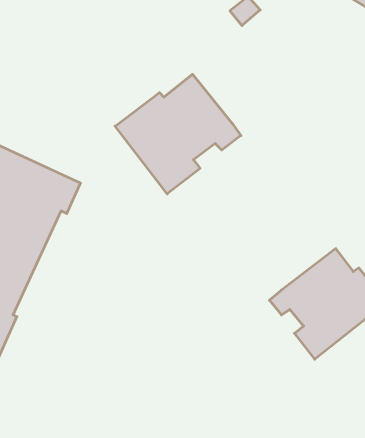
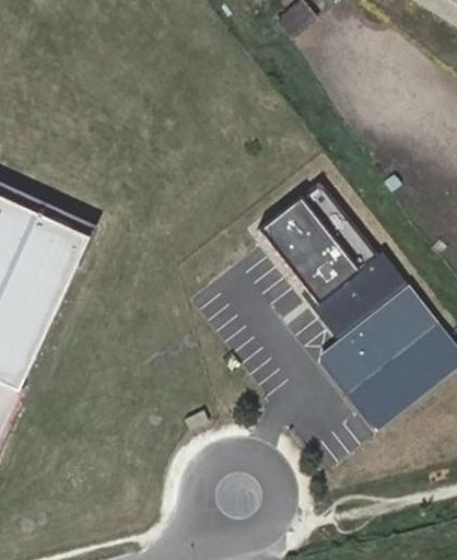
building: [115,74,241,194] -> none
building: none -> [250,180,406,348]

